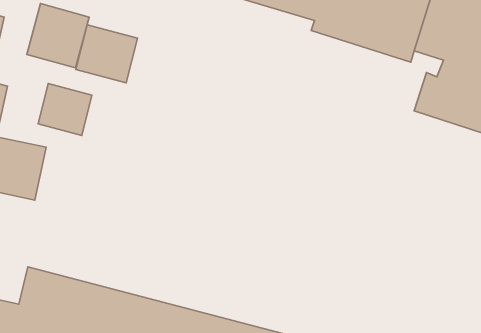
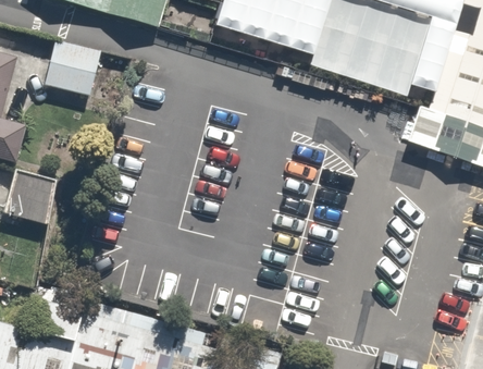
building: [76,25,137,83] -> none
building: [38,84,92,135] -> none

